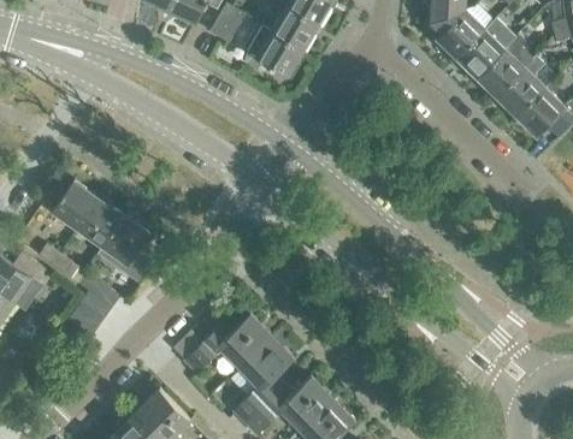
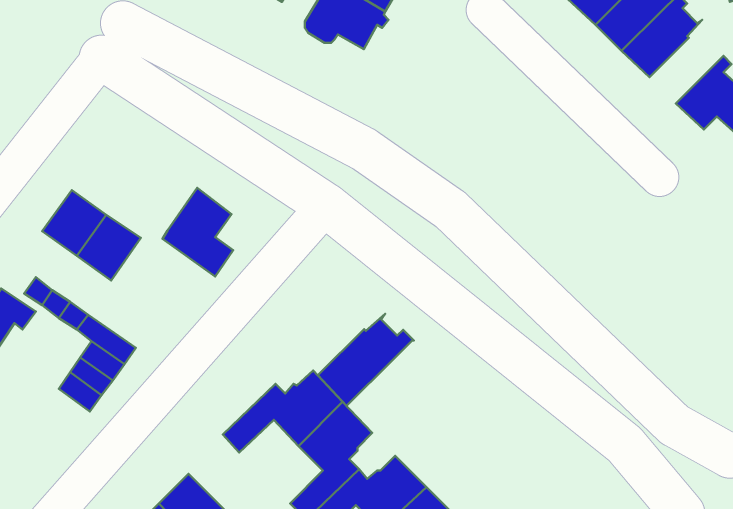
building: [497,59,545,118] -> none
building: [99,216,150,281] -> [163,188,233,276]
building: none -> [318,314,414,406]

